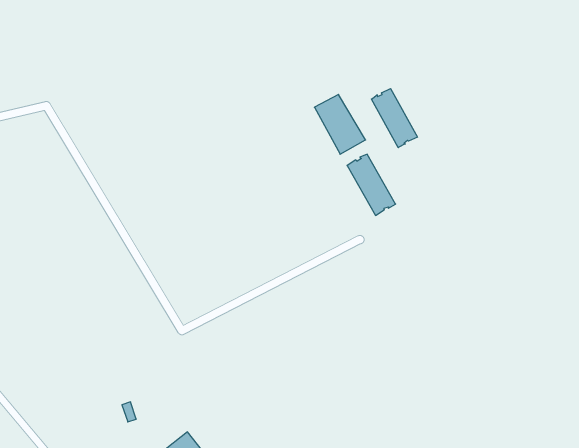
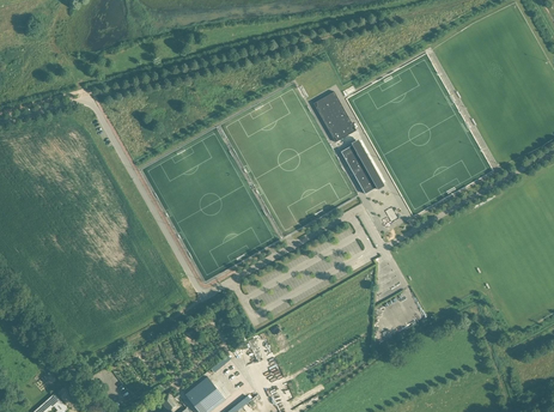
building: [371,89,417,148] -> none

